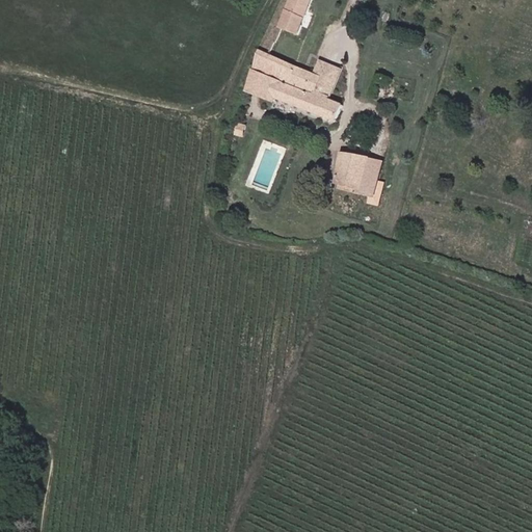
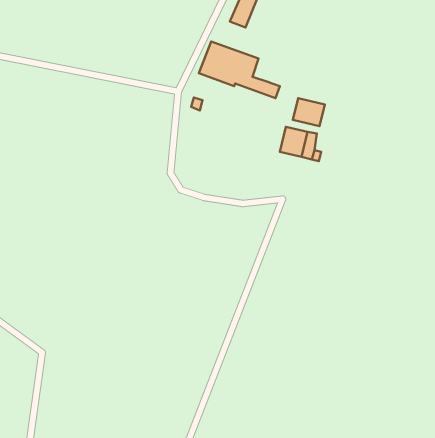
building: [304,60,339,101] -> none
building: none -> [293,98,325,126]

